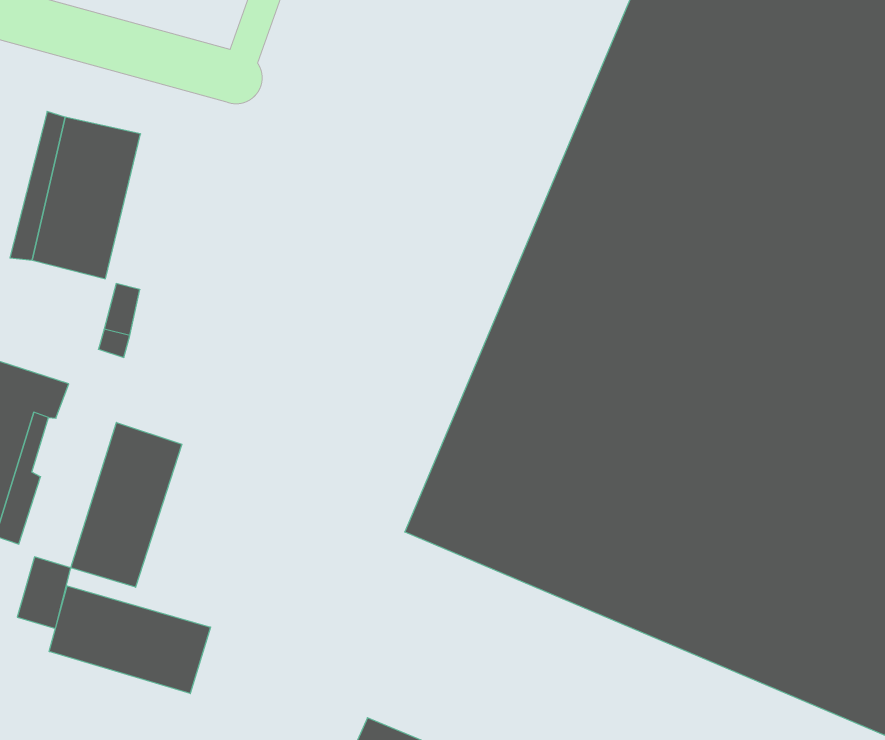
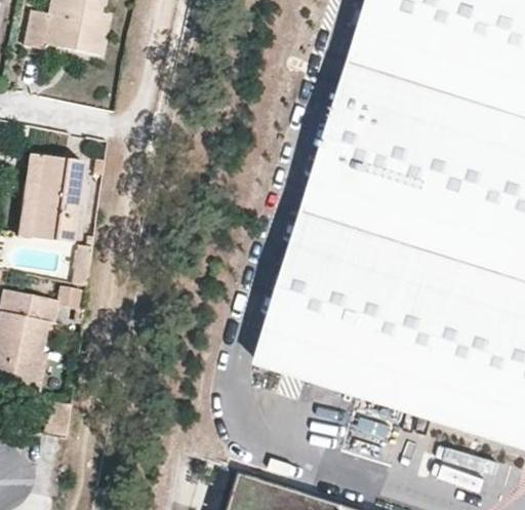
building: [71,422,182,587] -> none
building: [49,586,211,694] -> none

